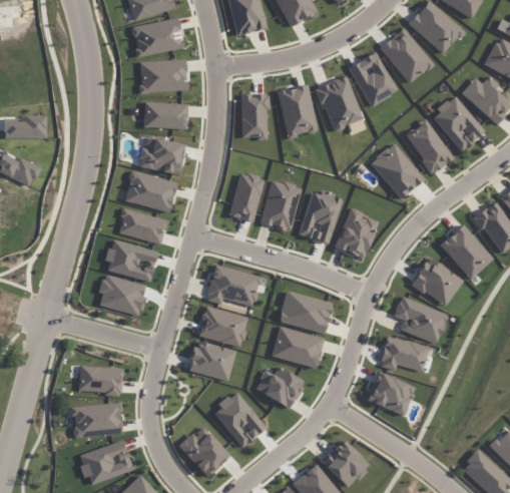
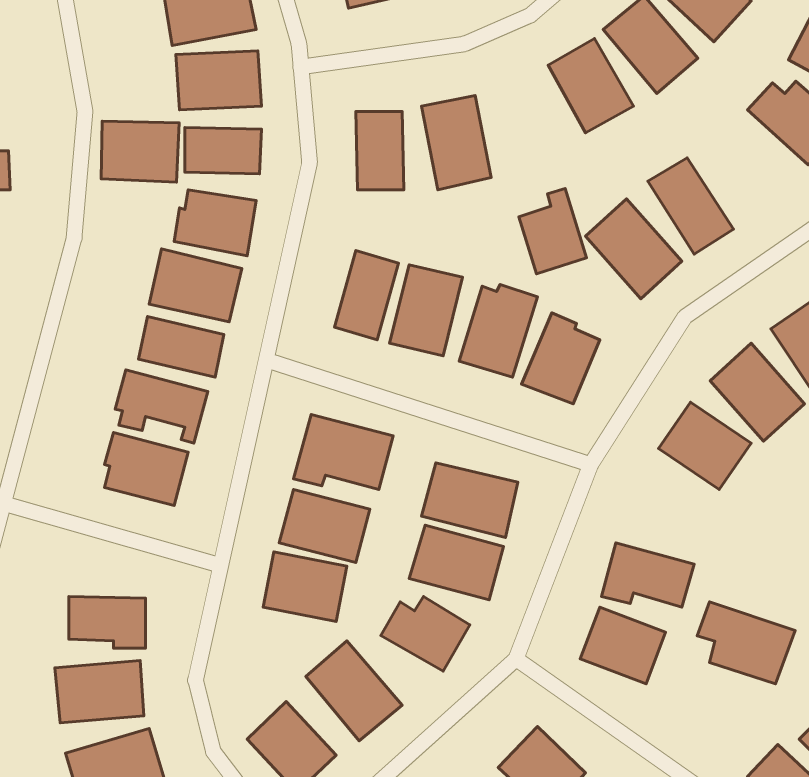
building: [322,80,360,128] -> [519,188,587,274]
building: [430,95,484,151] -> none
building: none -> [101,121,179,182]
building: [392,297,447,343] -> [697,602,795,684]

